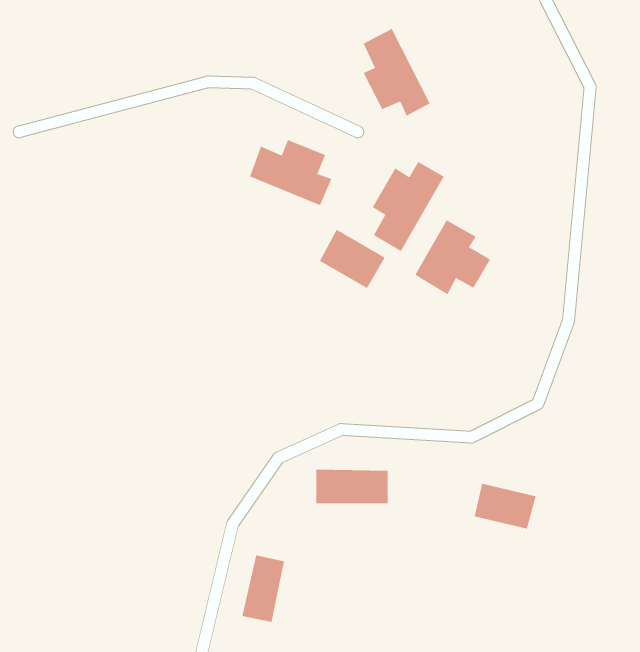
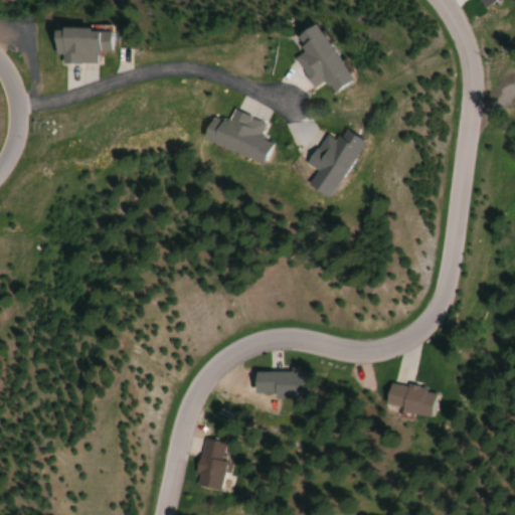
building: none -> [57,27,118,62]
building: [414,220,491,295] -> none
building: [319,229,386,289] -> none

